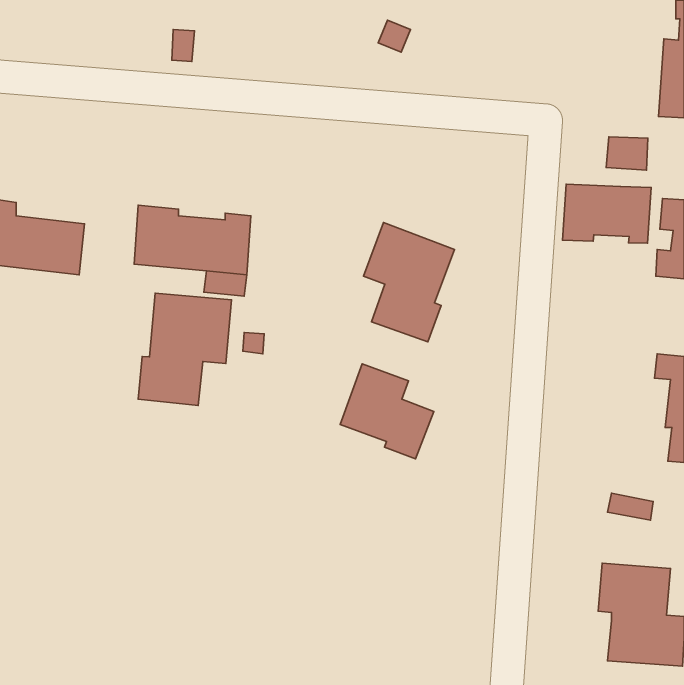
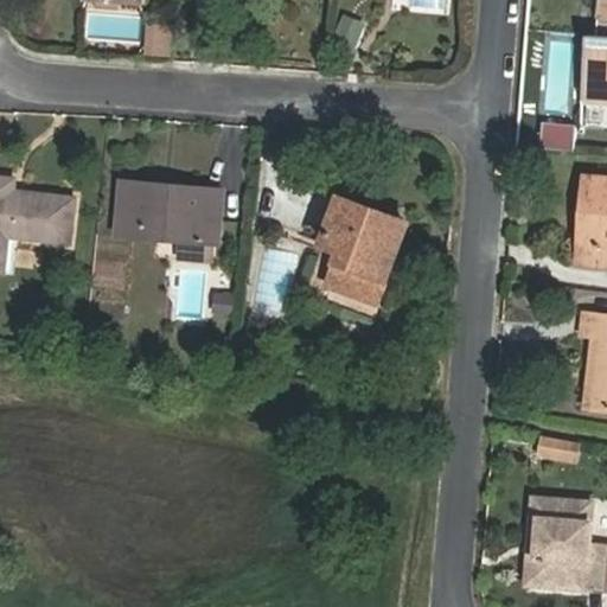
building: [563,184,651,243] -> none
building: [138,293,232,406] -> none
building: [340,364,434,459] -> none

